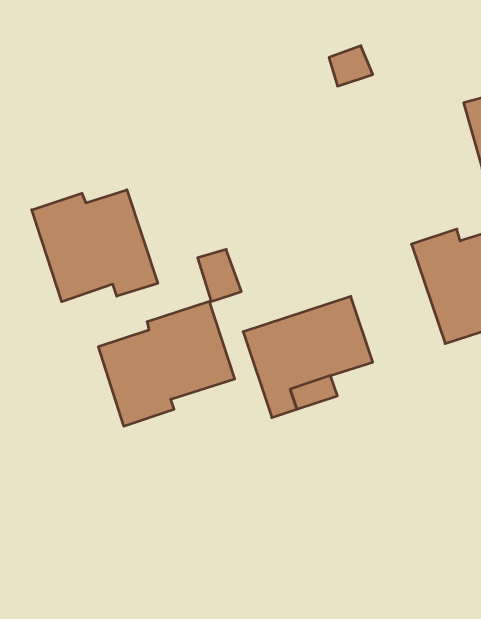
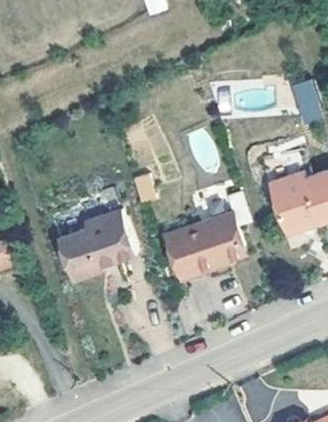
building: [32,190,158,302] -> none

